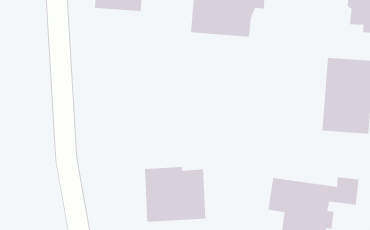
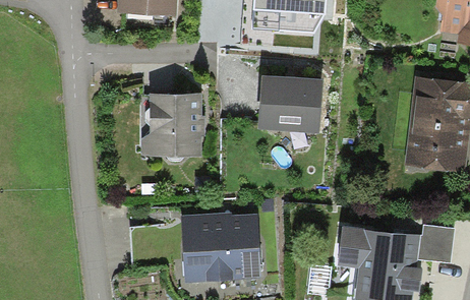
building: none -> [260,77,322,133]
building: none -> [143,93,207,154]

